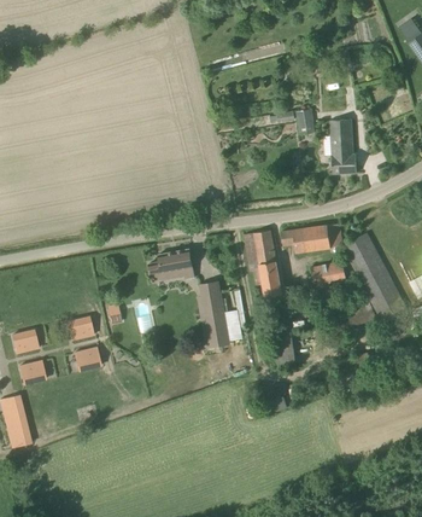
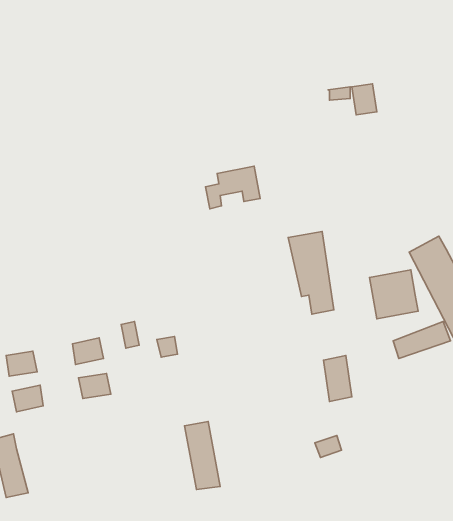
building: [330,120,357,174] -> none
building: [281,223,342,250] -> none
building: [150,249,194,284] -> [205,166,260,209]
building: [201,292,230,348] -> [185,422,220,489]

